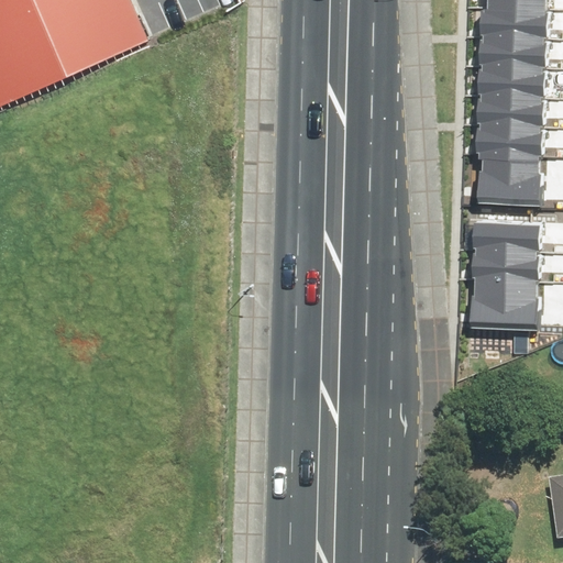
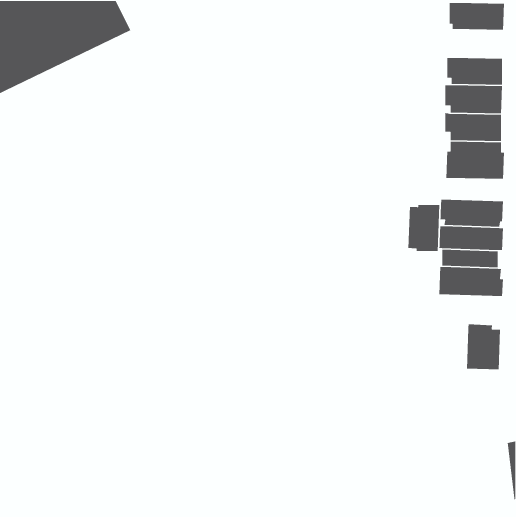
building: [483,36,543,67] -> none
building: none -> [408,204,440,252]
building: none -> [466,324,501,370]

